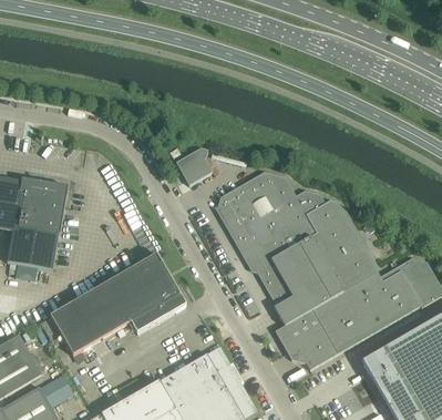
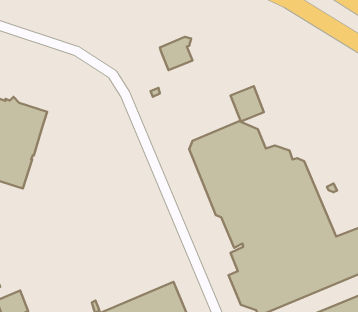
building: none -> [231,86,264,121]
building: [176,148,212,185] -> [160,37,193,70]
building: [50,254,186,356] -> none

